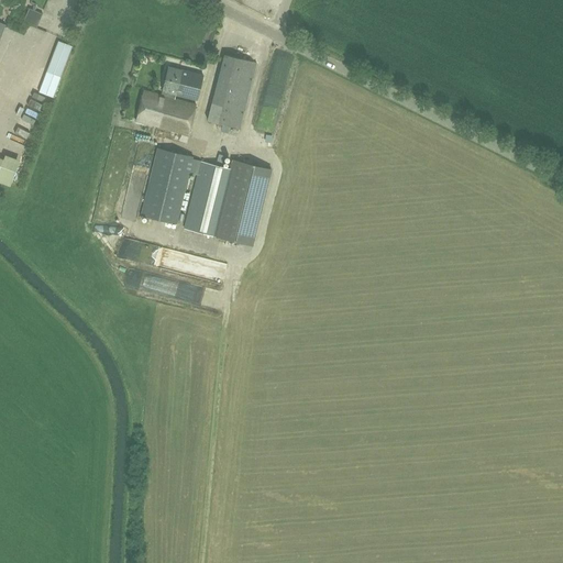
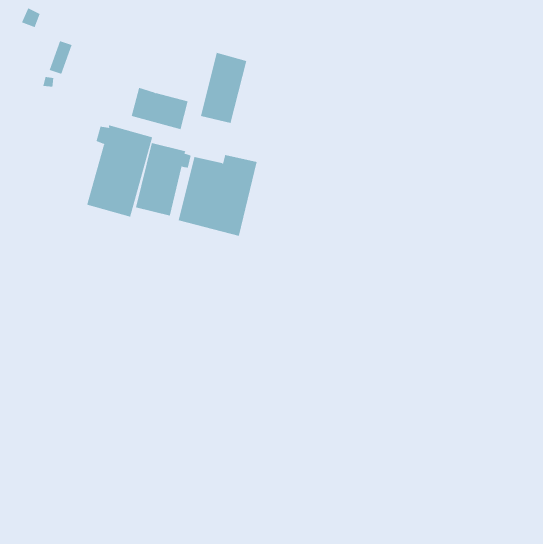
building: [161,67,202,100] -> none
building: none -> [86,124,153,217]

